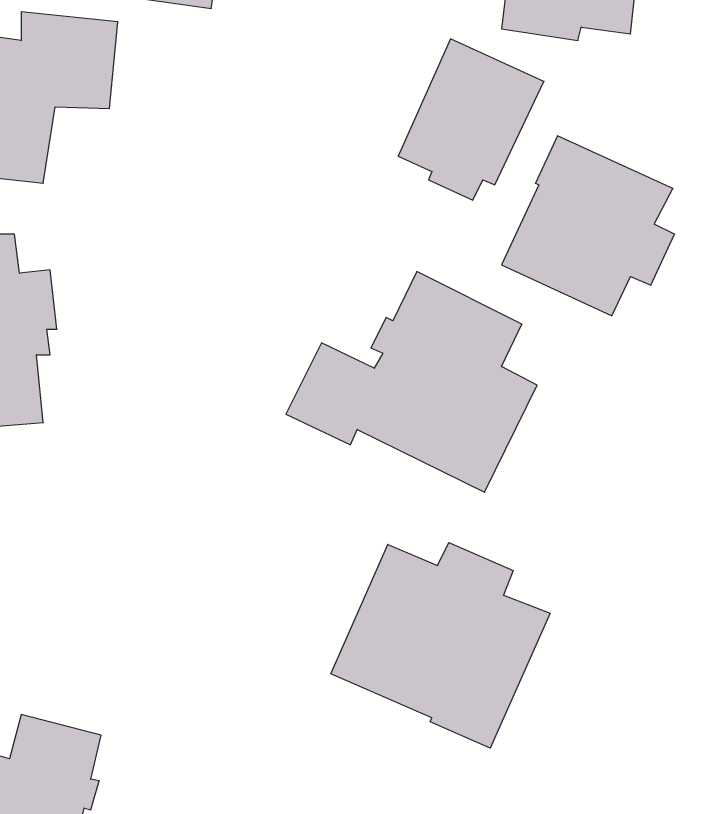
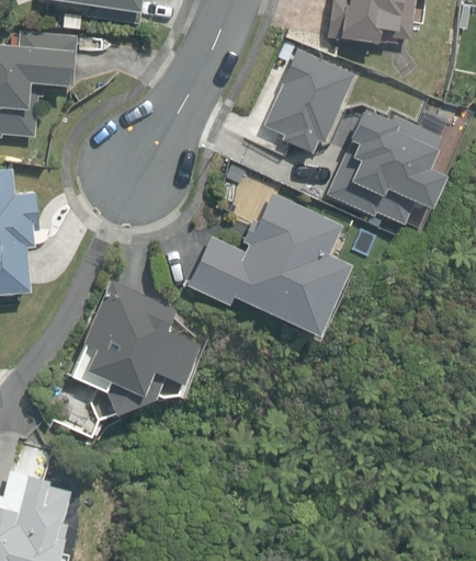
building: none -> [70,280,199,413]
building: [331,543,550,748] -> none

